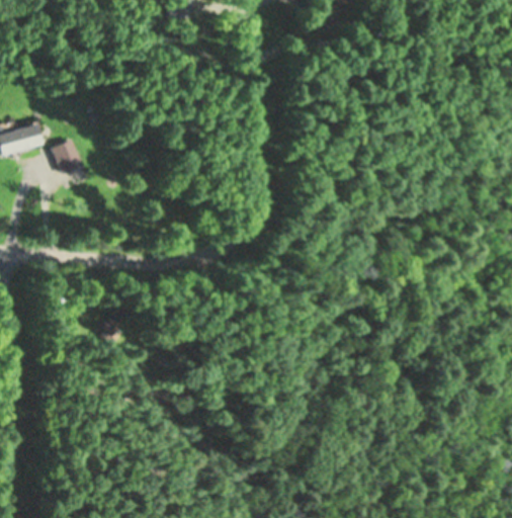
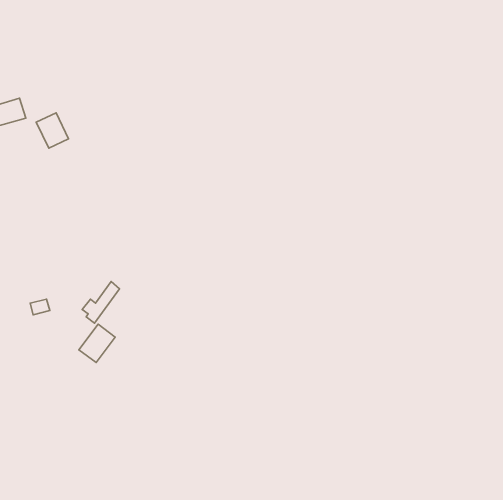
building: none -> [79,324,115,363]

